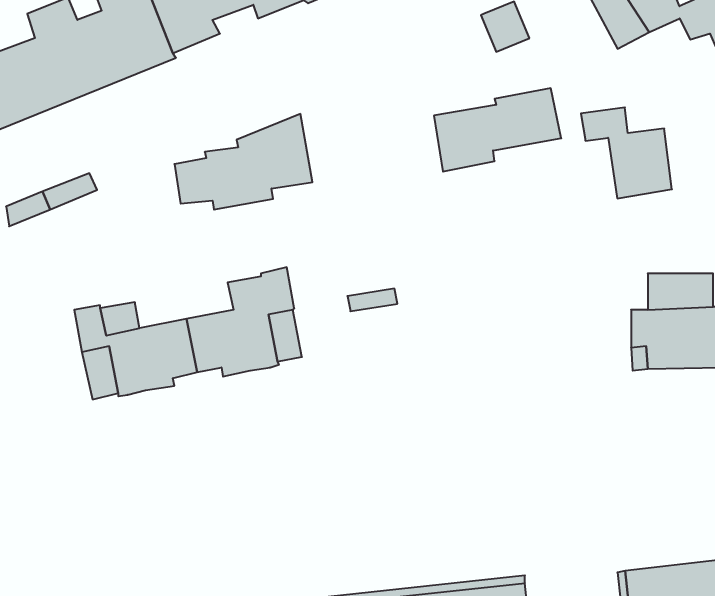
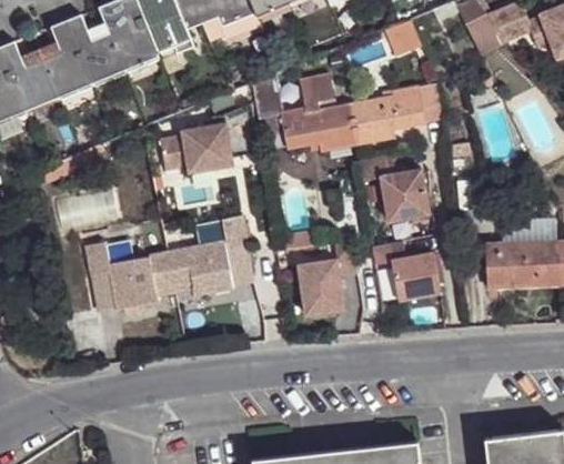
building: none -> [252,73,355,151]
building: [581,107,672,198] -> [359,157,425,223]
building: none -> [300,240,357,314]
building: none -> [373,242,440,301]

